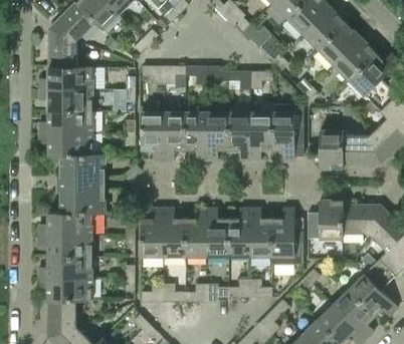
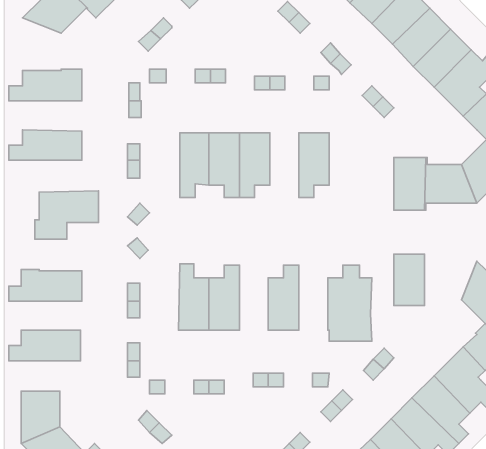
building: [48,29,76,67] -> none
building: [38,89,91,111] -> none
building: [271,103,302,159] -> none
building: [140,112,163,159] -> none
building: [228,112,249,159] -> none
building: [38,132,104,155] -> none
building: [57,178,105,213] -> none
building: [341,201,379,238] -> none
building: [140,208,163,256] -> none
building: [206,209,227,256] -> none
building: [249,209,270,256] -> none
building: [38,235,91,256] -> none
building: [38,278,90,300] -> none

